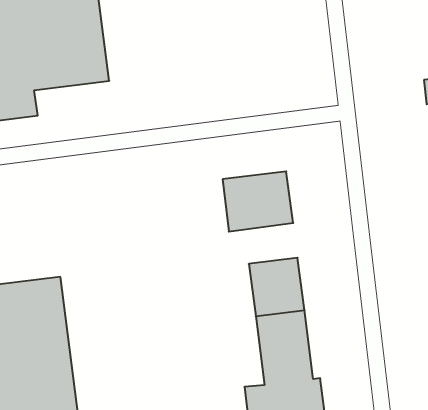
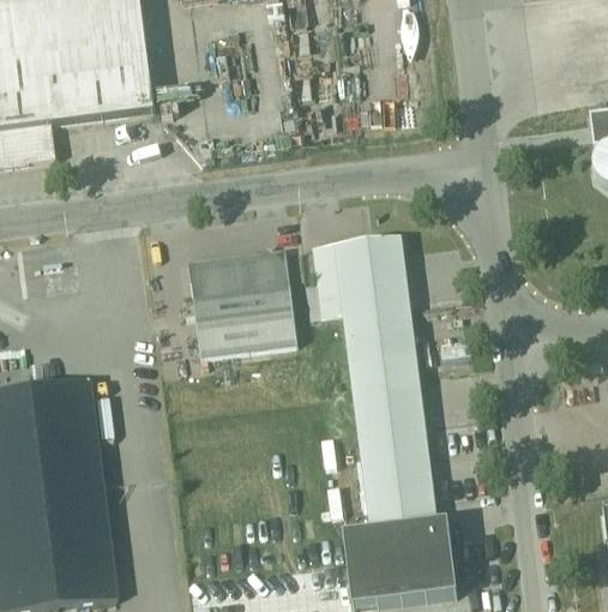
building: none -> [189,247,300,355]
building: none -> [320,308,415,365]

